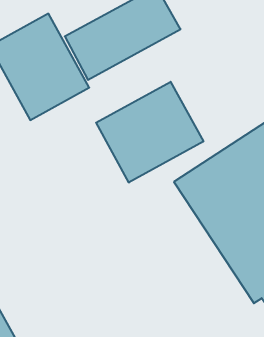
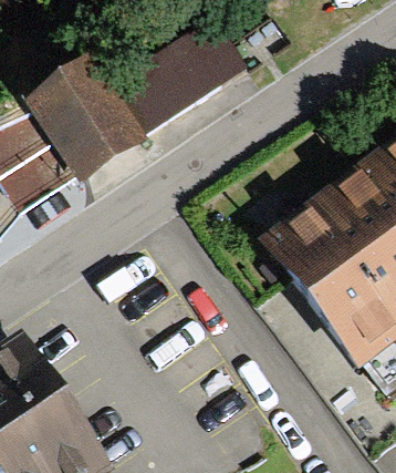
building: [96,82,203,183] -> none

